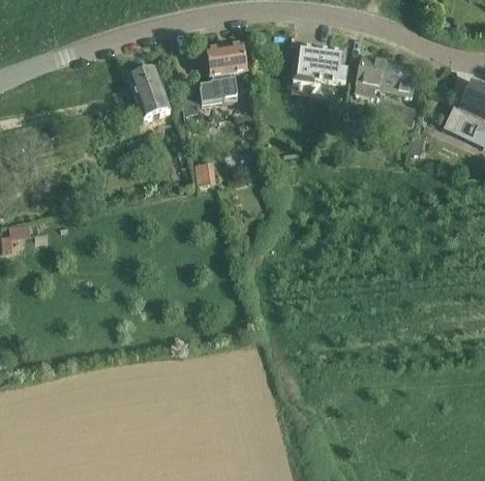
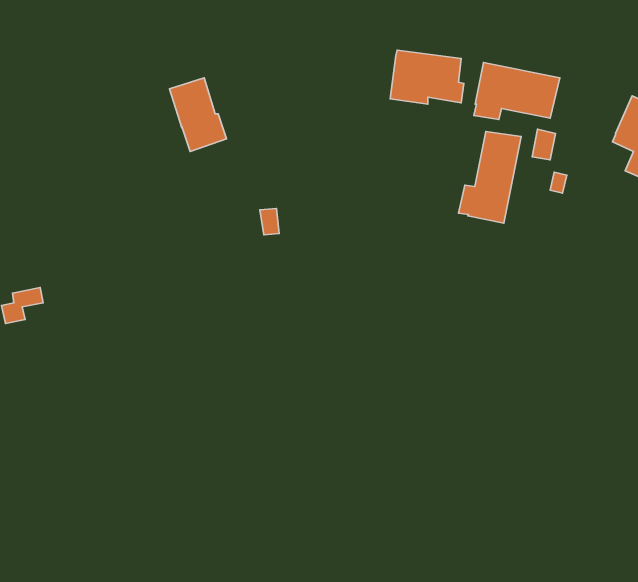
building: [198,44,246,104] -> none
building: none -> [459,131,521,223]

